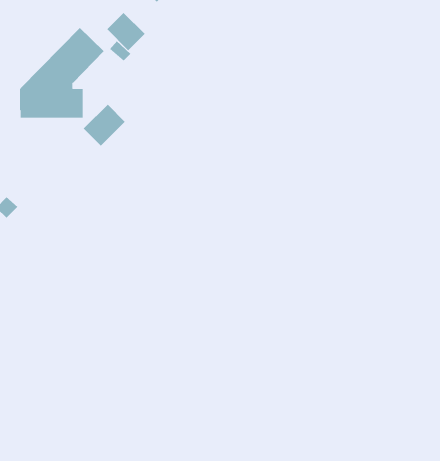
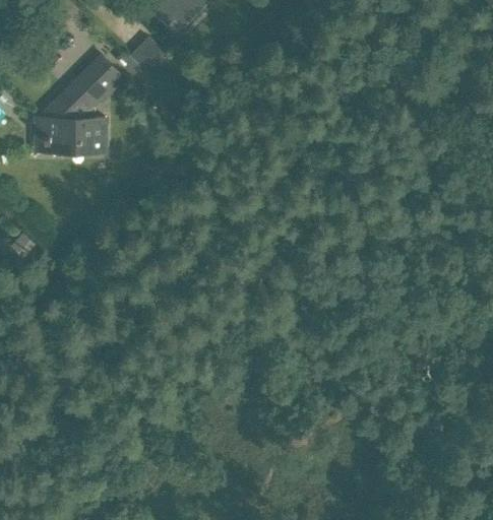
building: [83,104,126,147] -> none

